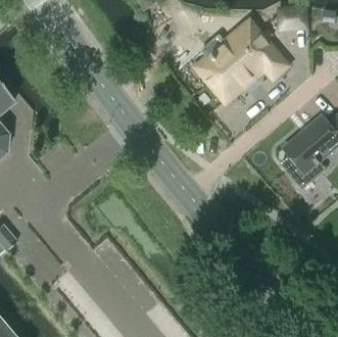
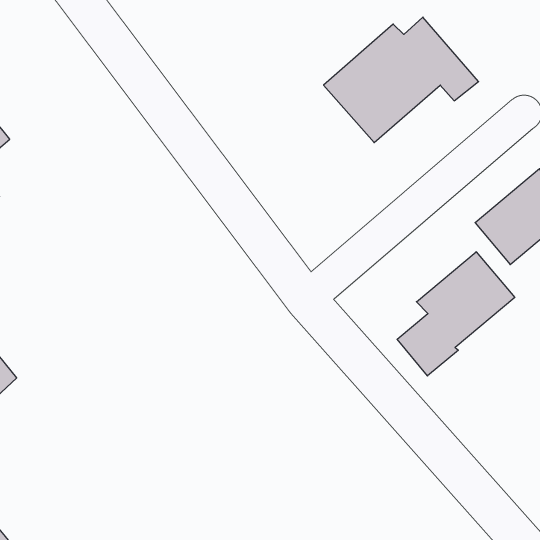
building: none -> [397,252,515,376]

